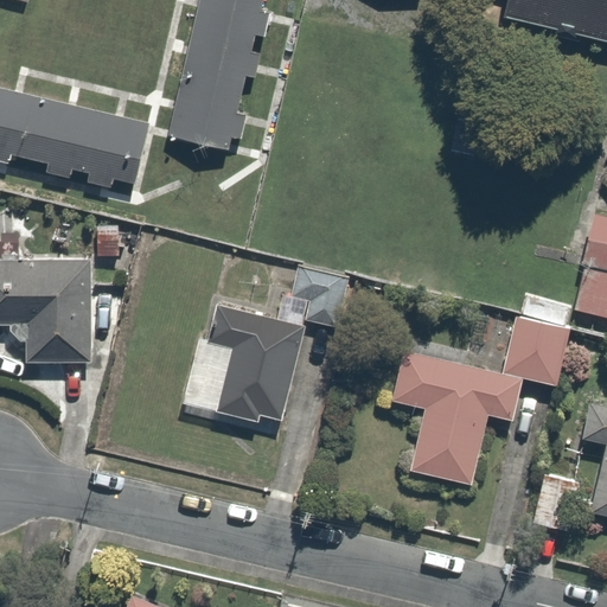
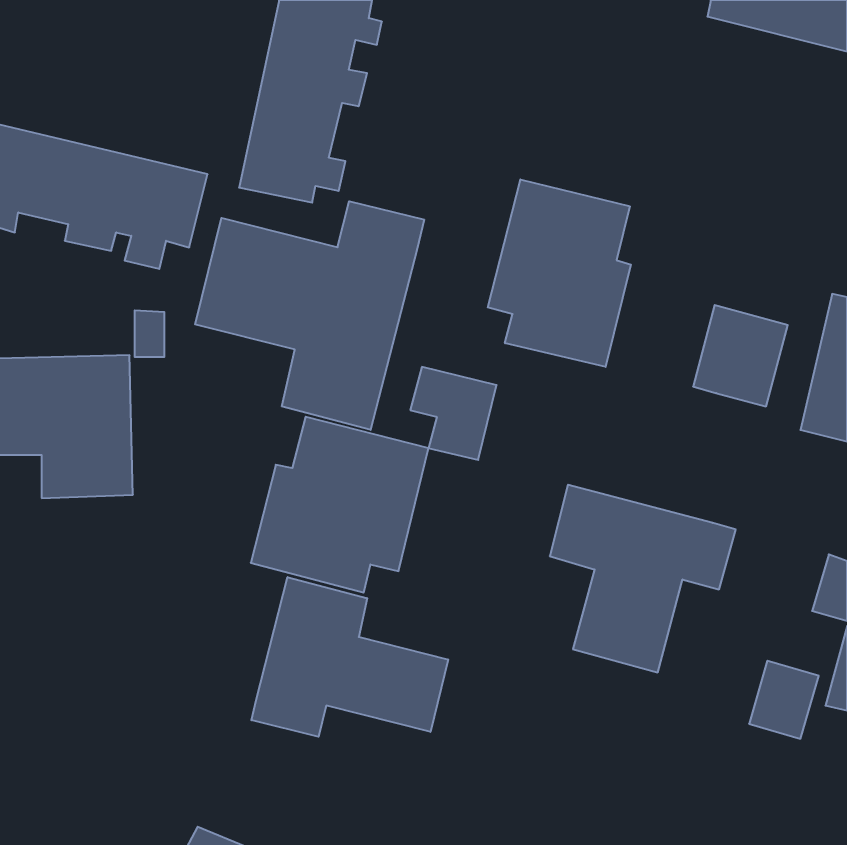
building: none -> [488,179,631,367]
building: none -> [195,201,424,430]
building: [509,318,576,390] -> [693,305,788,406]
building: none -> [251,577,448,737]

